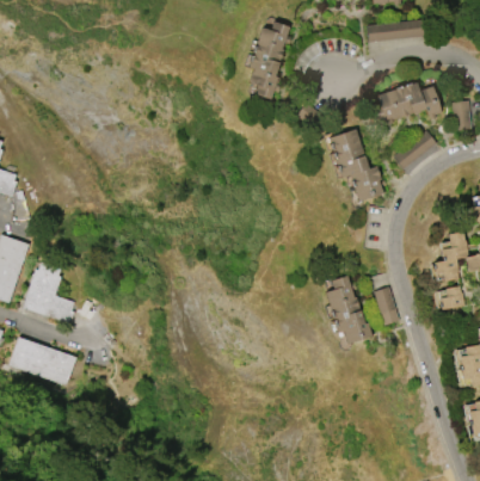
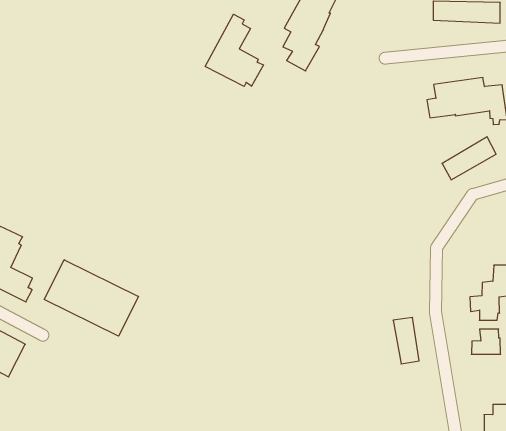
building: none -> [205,14,263,86]
building: [327,129,382,202] -> none
building: [325,275,371,344] -> none
building: none -> [44,260,139,336]

